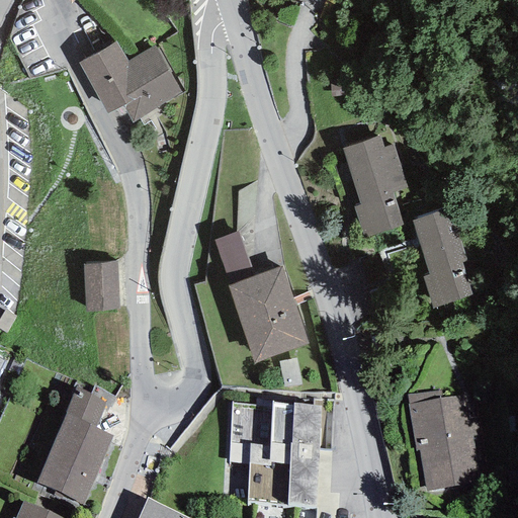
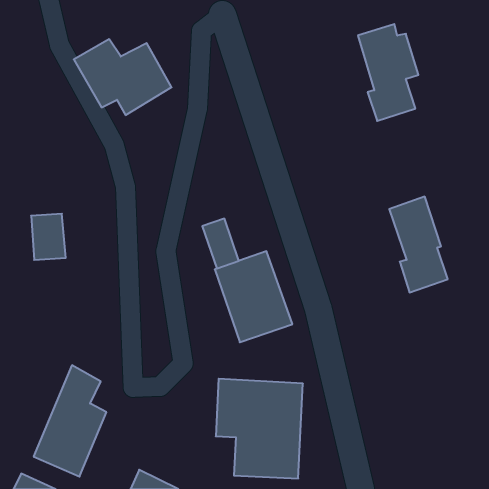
building: [343,135,407,237] -> [358,24,418,121]
building: [84,262,120,311] -> [31,214,66,260]
building: [408,388,489,490] -> none

